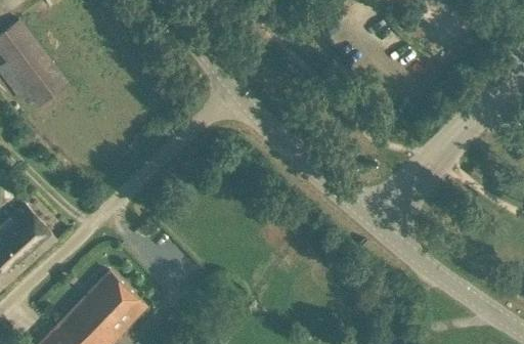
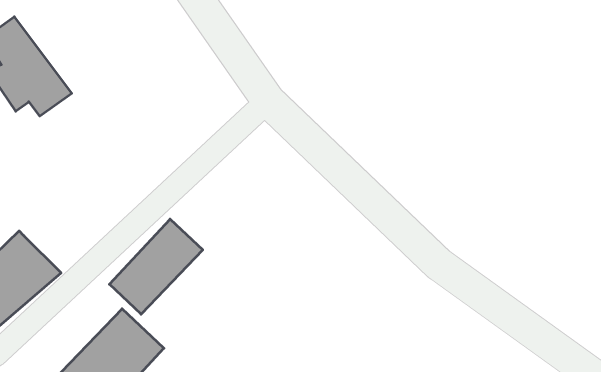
building: none -> [109,219,203,314]

